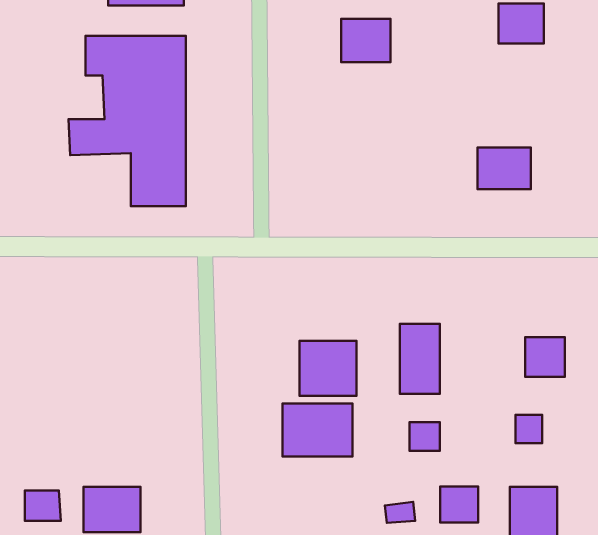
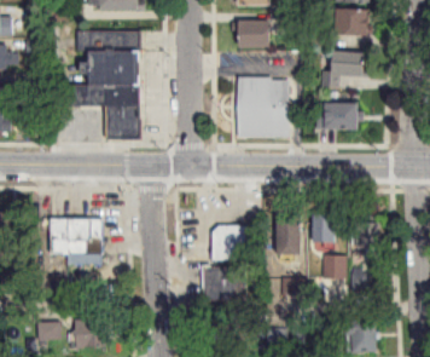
building: none -> [319,50,365,87]
building: none -> [236,77,287,136]
building: none -> [312,213,335,243]
building: none -> [50,217,100,264]
building: [440,487,478,523] -> [321,255,345,278]

